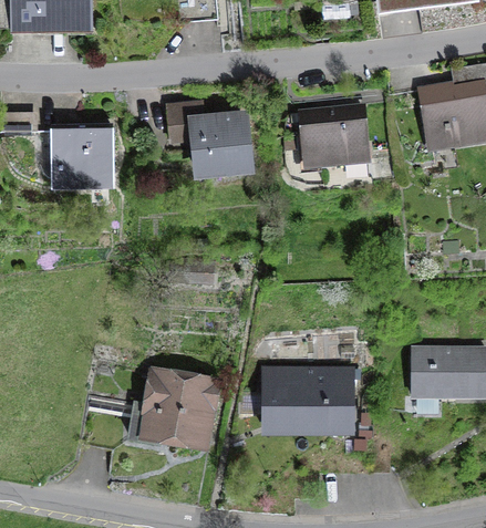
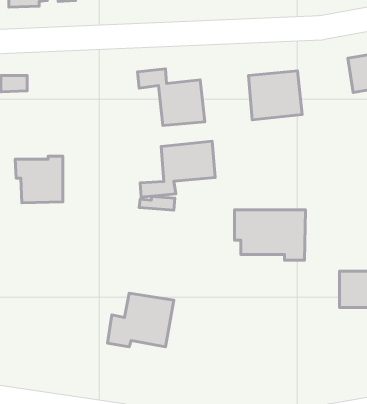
building: [53,128,111,185] -> [15,156,63,203]
building: none -> [140,141,215,197]
building: [266,372,352,433] -> [235,210,306,260]

